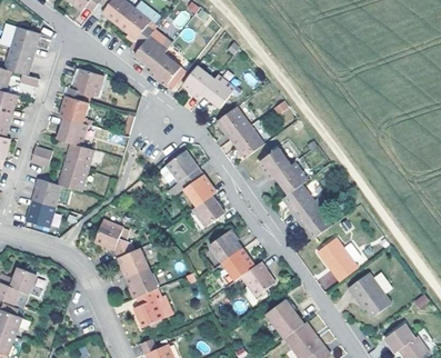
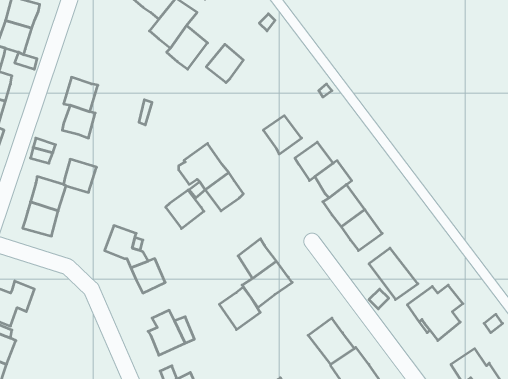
building: [68,68,106,100] -> none
building: [201,77,239,109] -> none
building: [216,108,247,139] -> none
building: [67,142,94,170] -> none
building: [190,196,222,228] -> [166,190,204,229]
building: [239,262,273,298] -> [219,287,260,330]
building: [128,267,156,298] -> none

